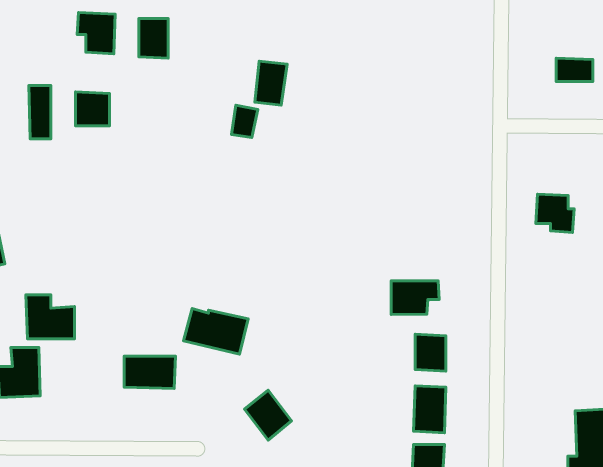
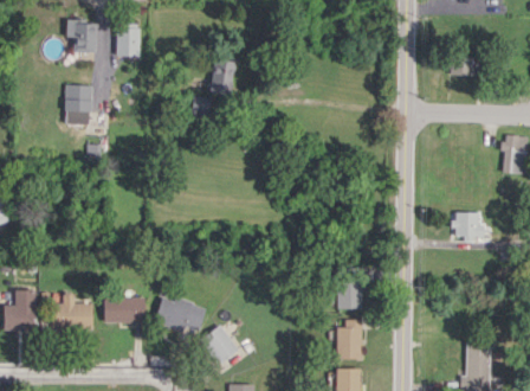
building: [29,85,51,139] -> none
building: [536,194,574,232] -> [452,212,483,243]
building: [391,281,439,315] -> none
building: [26,295,74,339] -> [52,293,91,328]
building: [183,309,248,354] -> [154,297,206,334]

